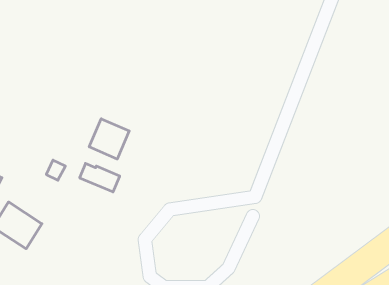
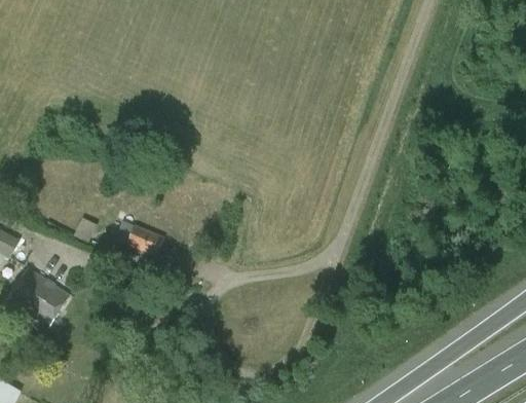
building: [89,119,129,159] -> none

